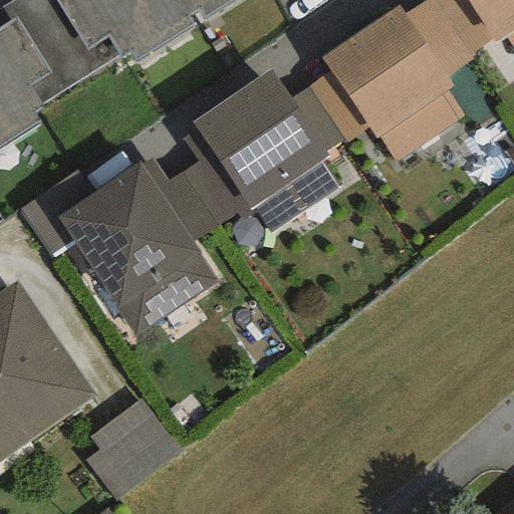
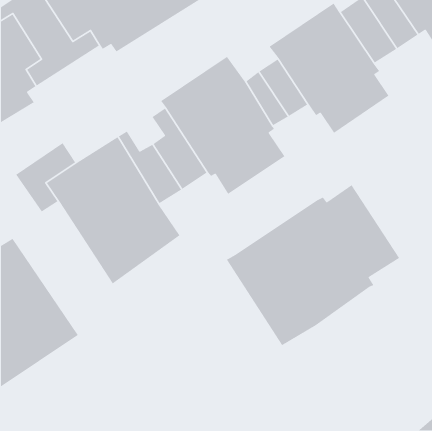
building: none -> [226,184,400,346]
building: [86,398,179,497] -> none

